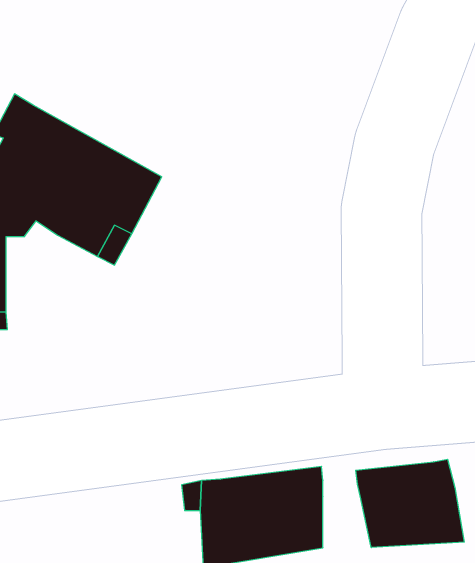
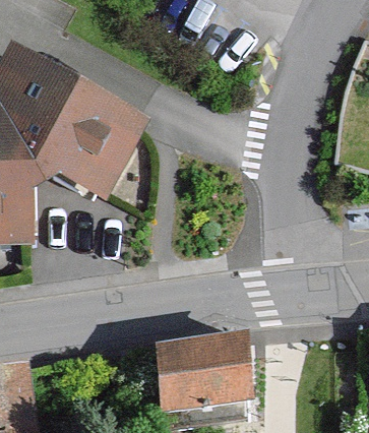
building: [356,459,464,548] -> none

